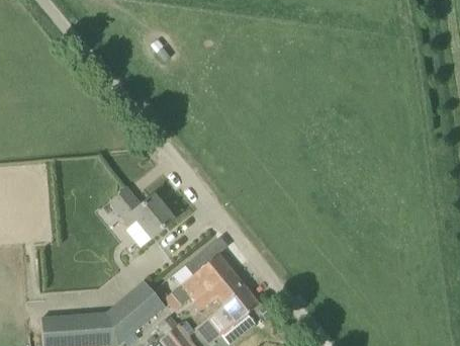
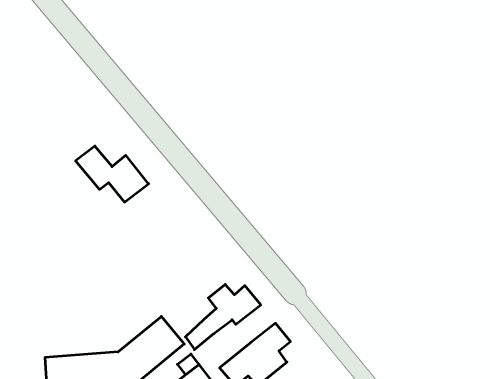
building: [109,187,174,237] -> [76,146,149,202]
building: [191,271,246,310] -> none

